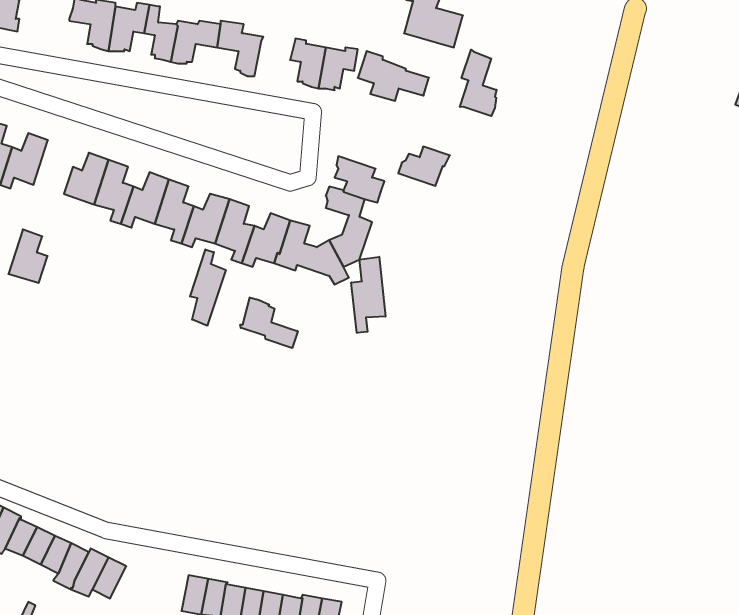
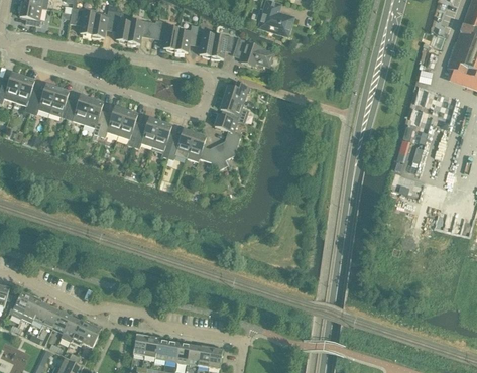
building: none -> [174,23,198,51]
building: [460,50,497,116] -> none
building: [398,147,450,186] -> [222,81,251,103]
building: [8,229,48,283] -> [49,87,72,117]
building: [190,249,226,326] -> none
building: [351,257,385,333] -> none
building: [240,297,298,348] -> none

